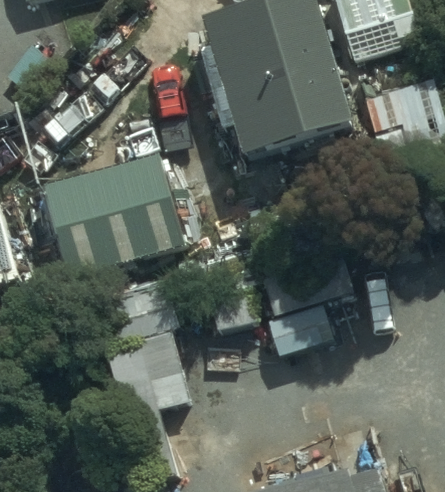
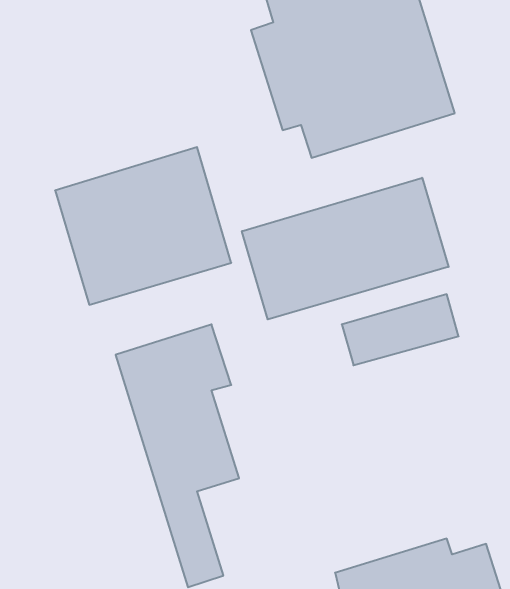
building: none -> [242,178,449,319]

